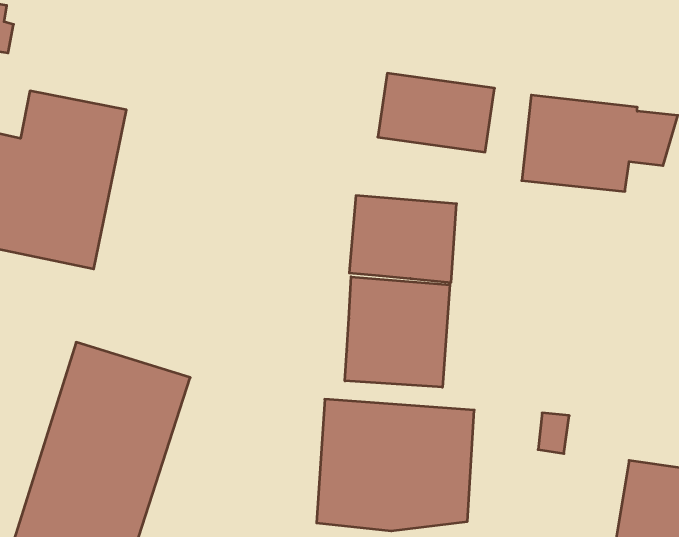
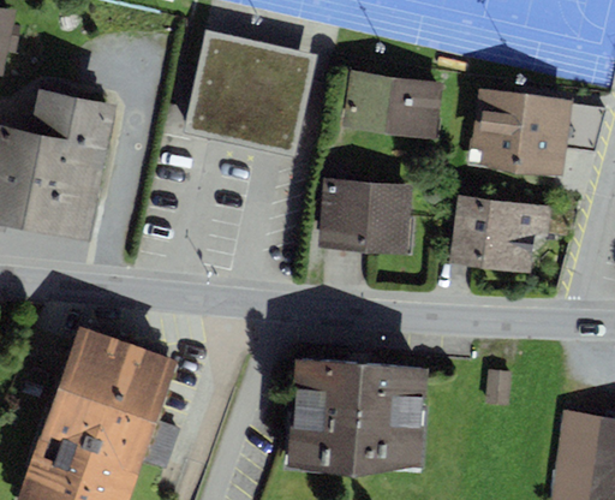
building: none -> [183,31,316,156]
building: none -> [449,196,575,273]
building: [345,277,450,387] -> none

